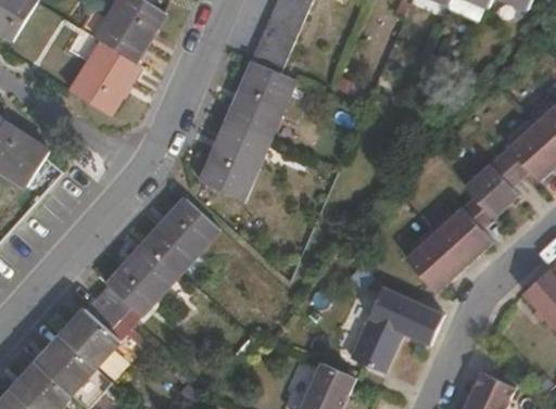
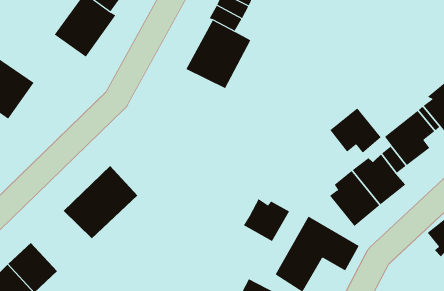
building: [200,124,274,205] -> none
building: none -> [329,107,382,153]
building: [147,199,220,273] -> none
building: none -> [243,198,290,242]
building: [61,297,131,368] -> none

